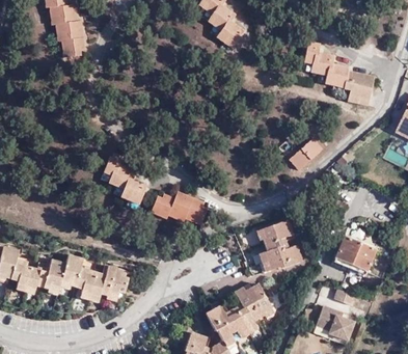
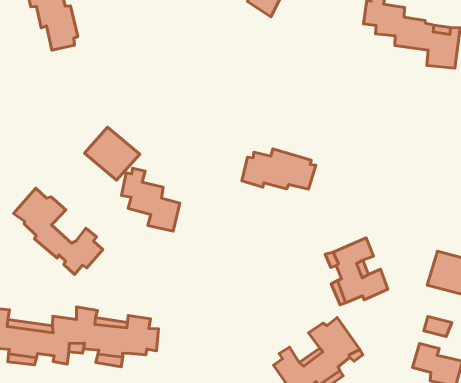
building: none -> [85,127,140,180]
building: [291,136,325,169] -> none
building: none -> [13,188,103,275]
building: [155,191,212,224] -> [242,149,316,189]

